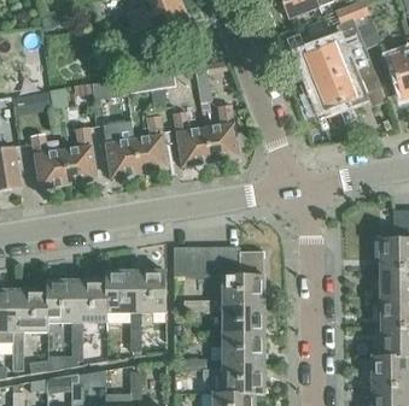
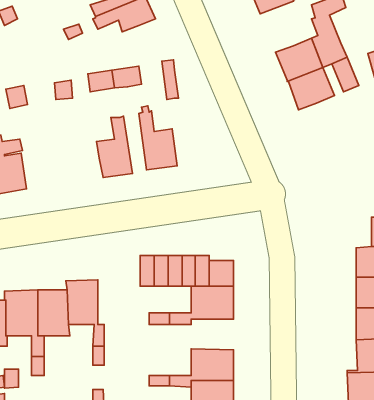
building: [205,99,238,161] -> none
building: [103,119,140,177] -> none
building: [63,120,97,183] -> none
building: [135,269,166,323] -> none
building: [223,306,263,335] -> none

